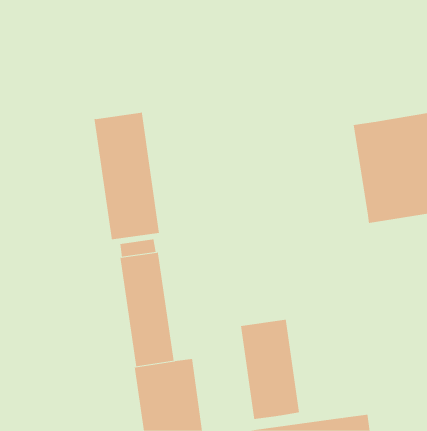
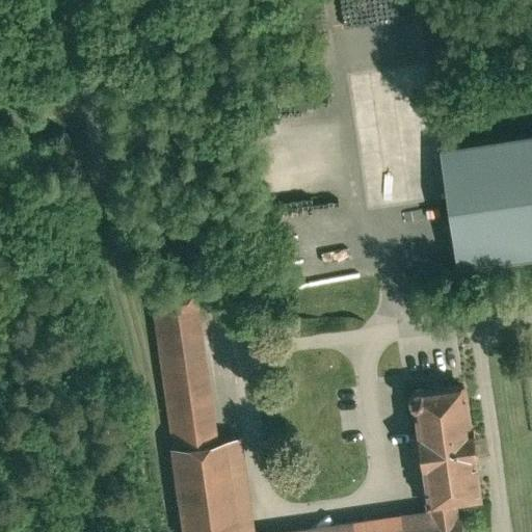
building: [94,112,160,240] -> none
building: [240,319,300,419] -> [410,391,484,514]

